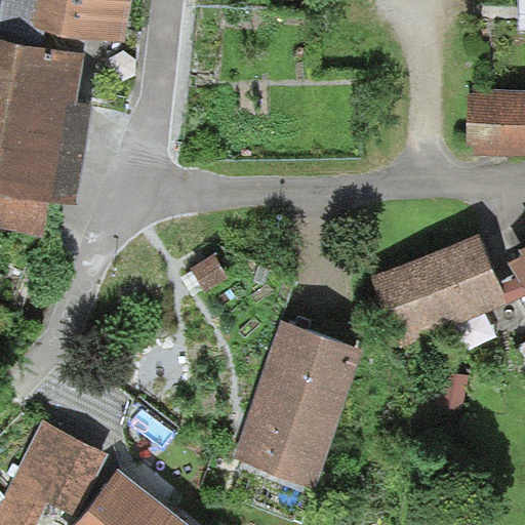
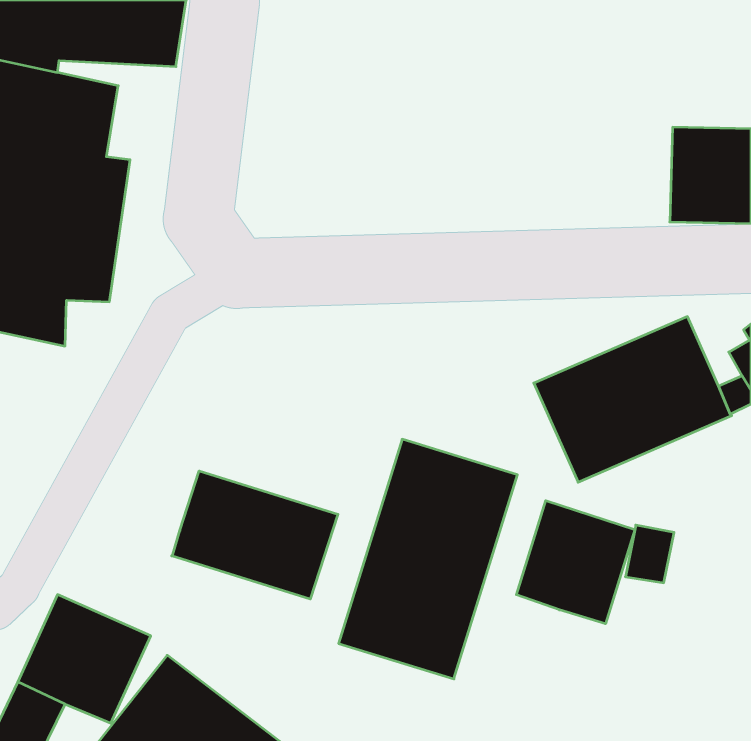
building: none -> [172,471,338,599]
building: none -> [516,501,635,624]

